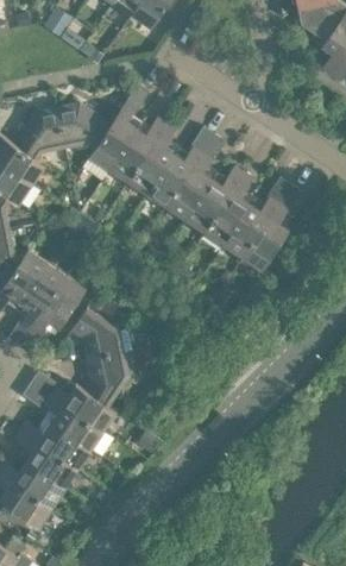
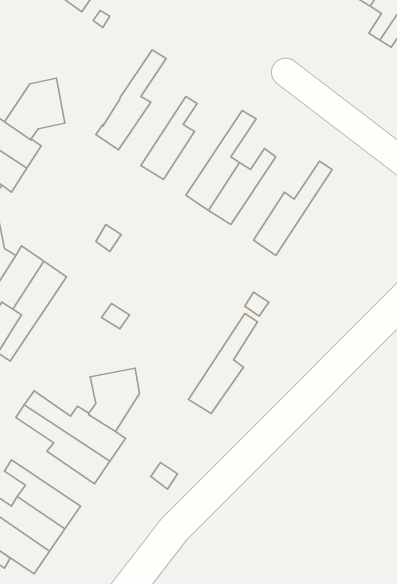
building: [57,103,111,147] -> none
building: [109,117,166,181] -> none
building: [147,126,214,206] -> none
building: [205,174,252,244] -> none
building: [243,184,301,269] -> [189,314,258,413]
building: [18,275,86,353] -> none
building: [71,308,124,359] -> none
building: [19,420,89,468] -> none

